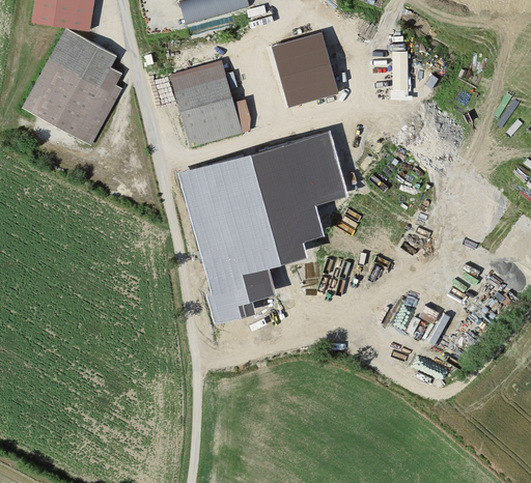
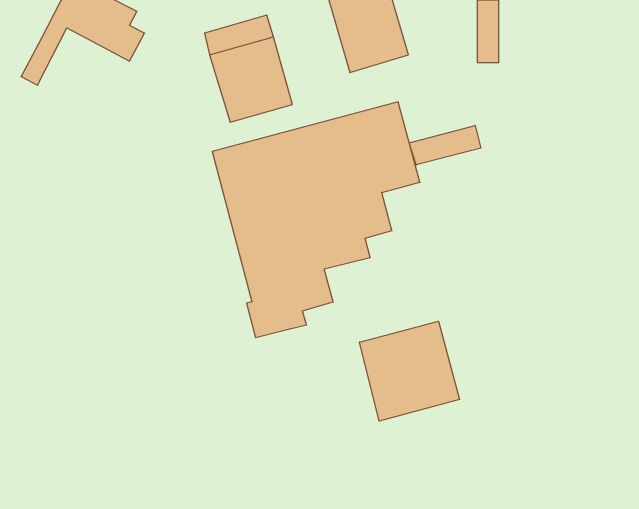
building: [36,70,111,144] -> none
building: none -> [409,125,481,165]
building: none -> [360,321,459,421]

